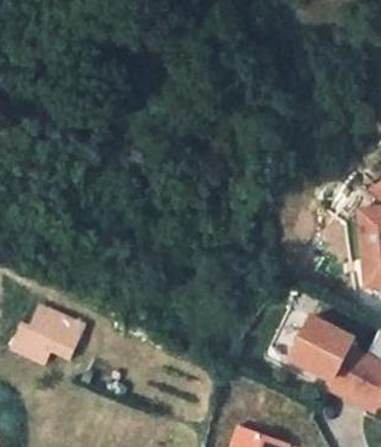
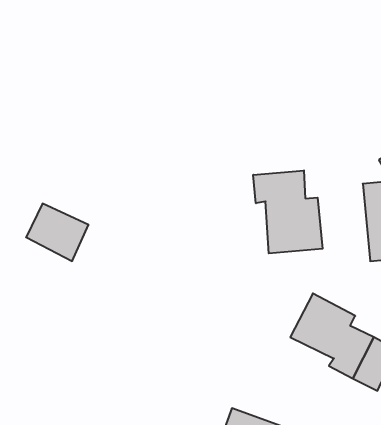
building: none -> [253,170,323,253]
building: [22,311,82,366] -> [26,204,89,261]

